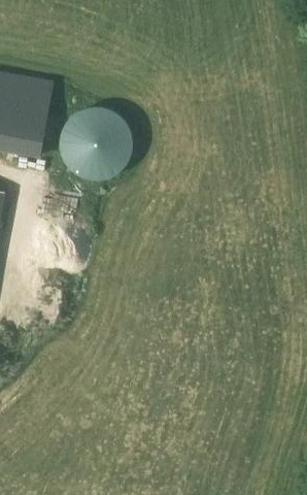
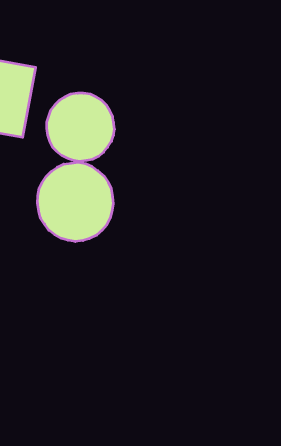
building: none -> [38,162,113,242]

